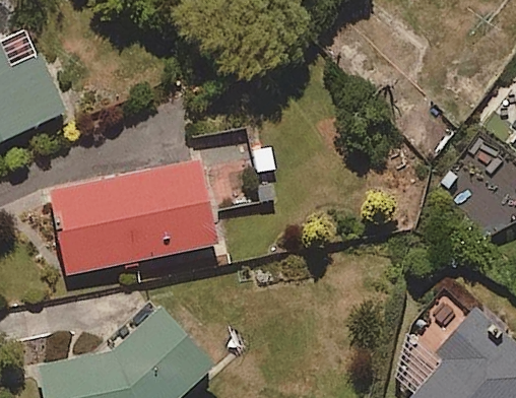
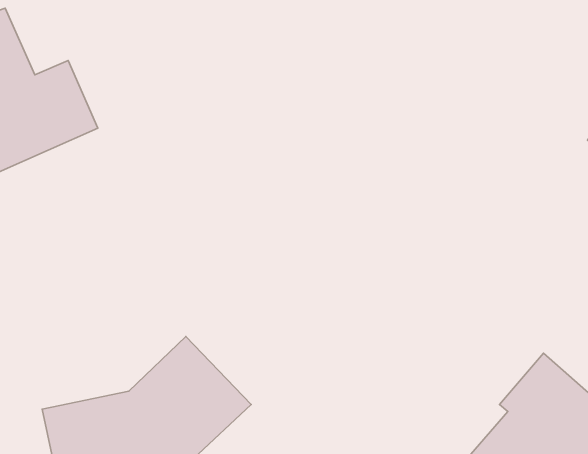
building: [49,160,213,278] -> none

